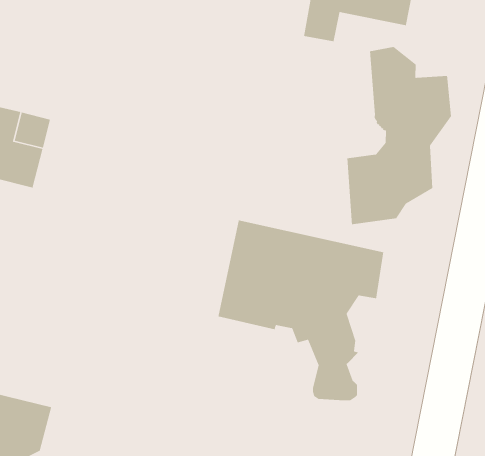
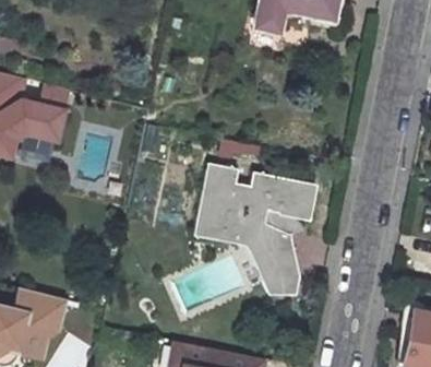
building: [347,46,452,225] -> none

